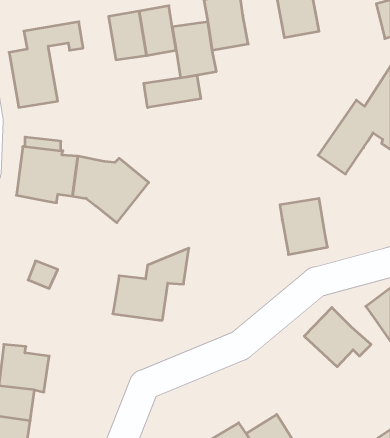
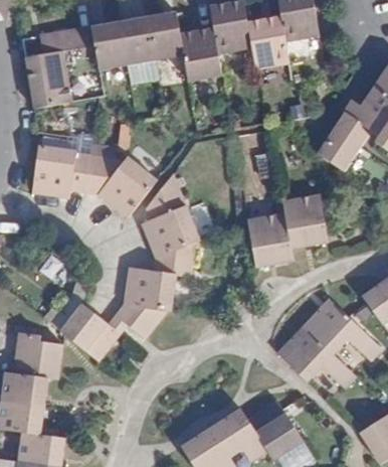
building: none -> [245,14,287,68]
building: none -> [89,21,125,67]
building: [144,75,201,108] -> none
building: none -> [141,173,198,258]
building: none -> [246,214,290,266]
building: none -> [59,304,119,359]
building: none -> [114,304,166,337]
building: none -> [278,325,342,380]

